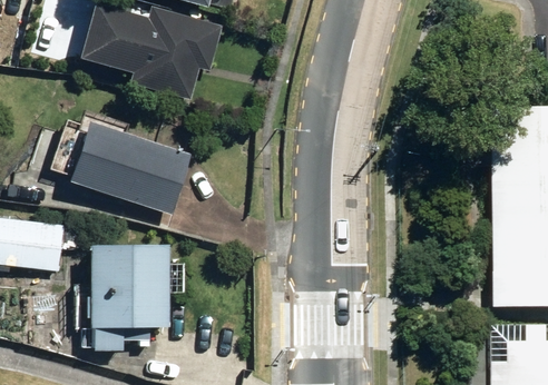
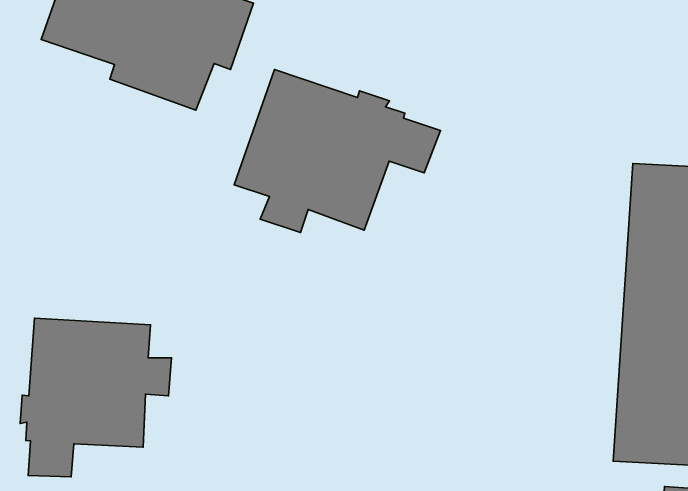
building: none -> [234,70,440,233]
building: [71,121,192,214] -> none

